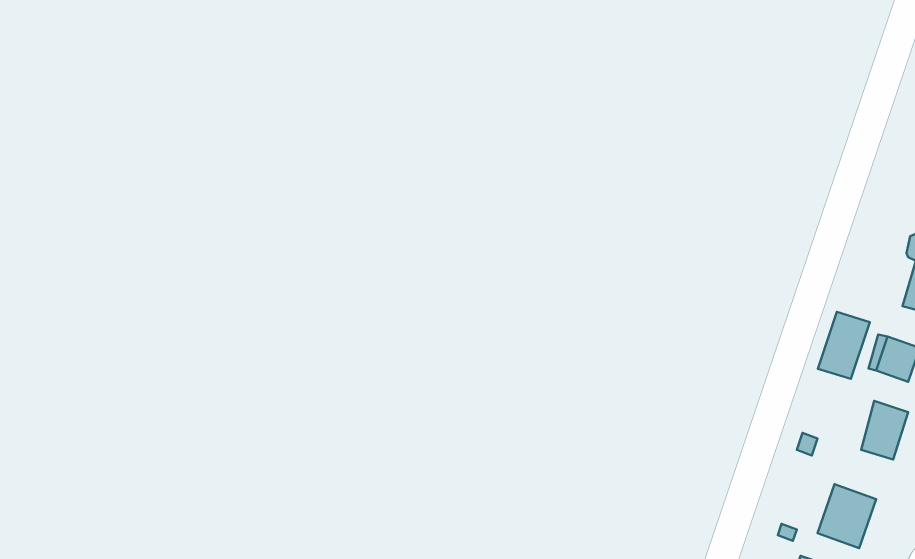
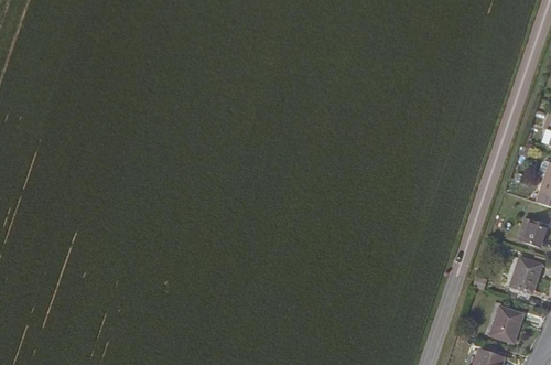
building: [818,312,870,379] -> none

